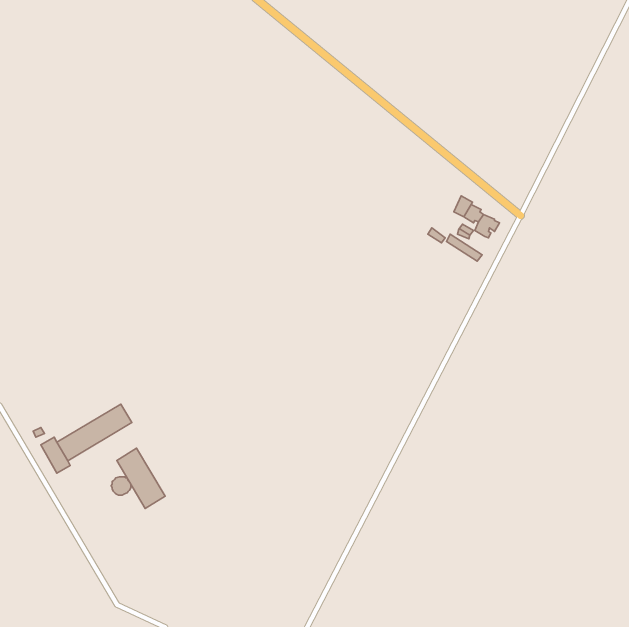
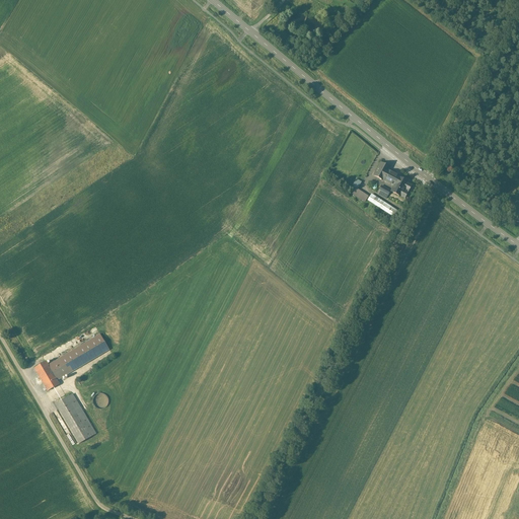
building: [117,448,165,508] -> [55,392,94,442]

